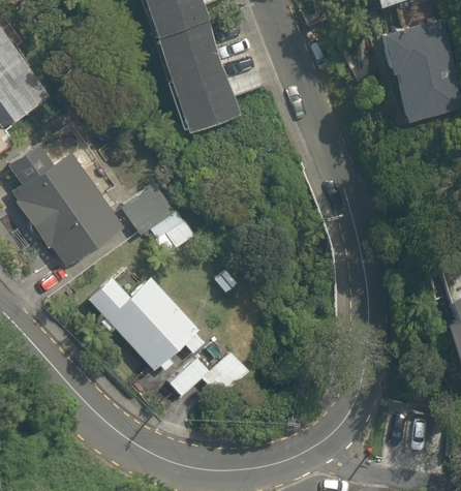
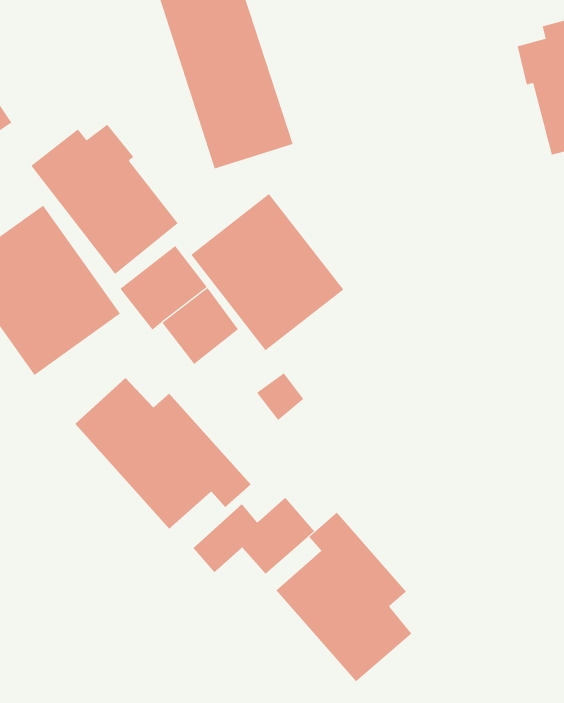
building: none -> [30,124,178,275]
building: none -> [190,193,344,351]
building: none -> [276,512,412,682]

